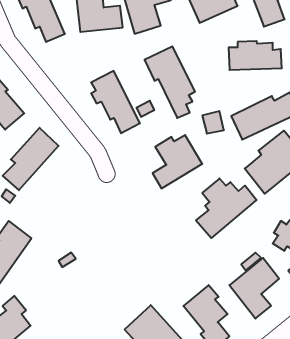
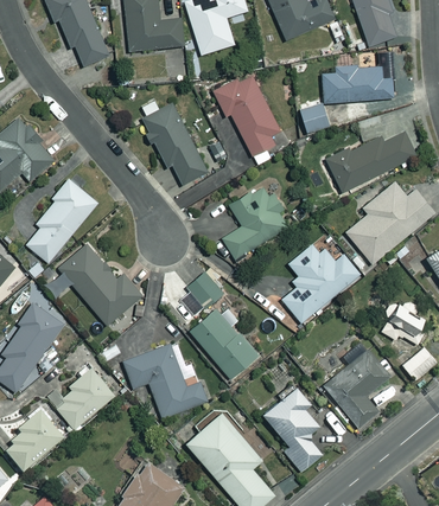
building: [202,111,224,134] -> [300,104,329,134]
building: none -> [46,243,142,325]
building: none -> [187,271,259,378]
building: none -> [122,341,209,417]
building: none -> [47,366,116,428]

